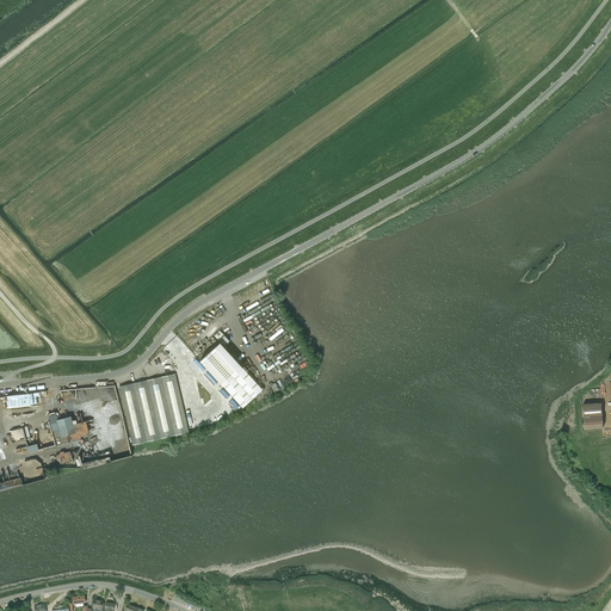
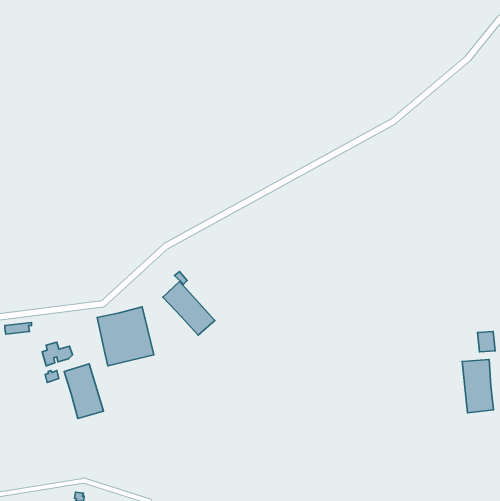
building: none -> [462,359,493,413]
building: none -> [64,364,104,419]

